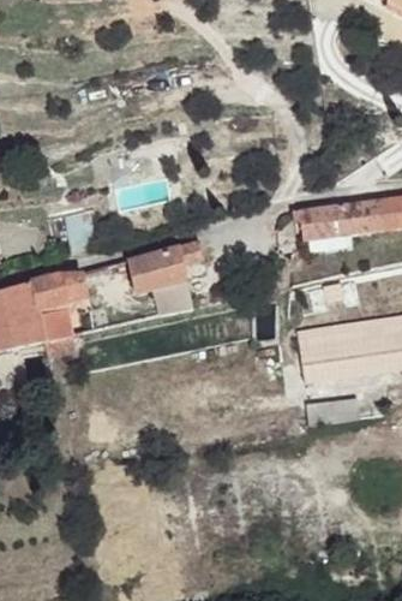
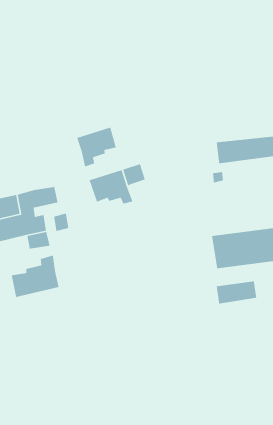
building: none -> [76,127,117,168]
building: none -> [11,255,60,298]

